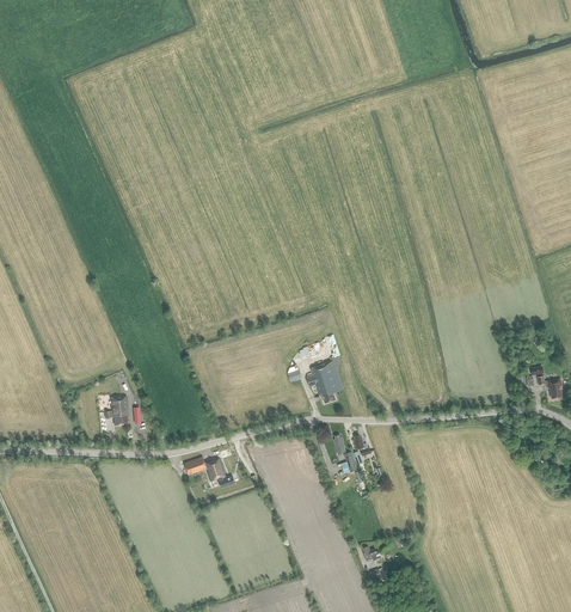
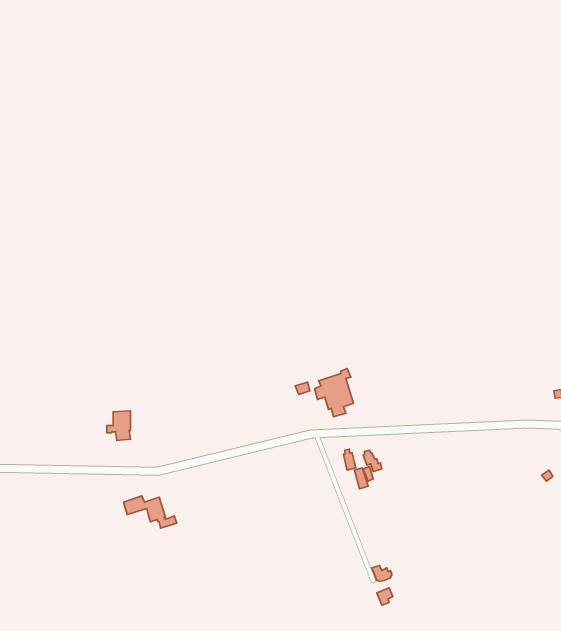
building: [184,457,235,488] -> [123,496,177,528]

